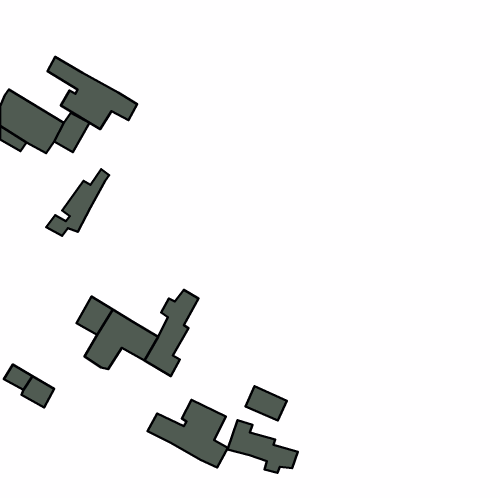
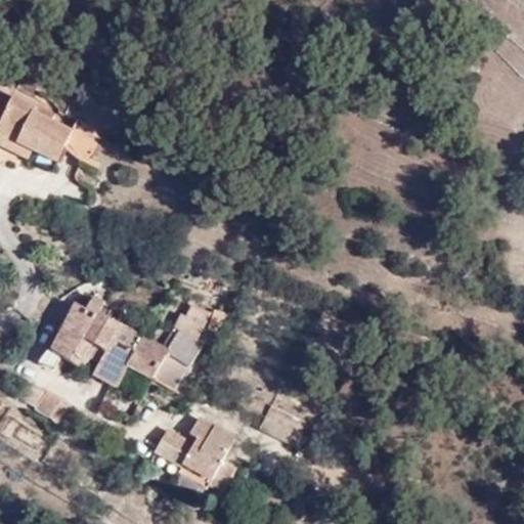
building: [47,57,137,129] -> none
building: [46,169,109,236] -> [36,297,101,366]
building: [227,420,298,473] -> none

